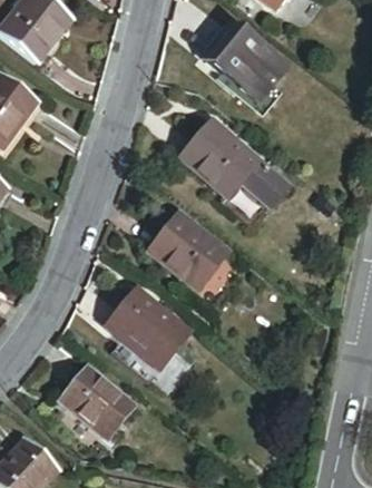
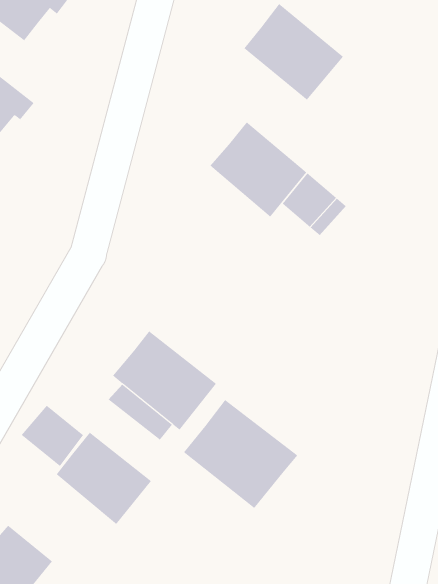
building: [148,211,226,286] -> none
building: none -> [183,399,298,509]
building: none -> [21,405,84,467]

